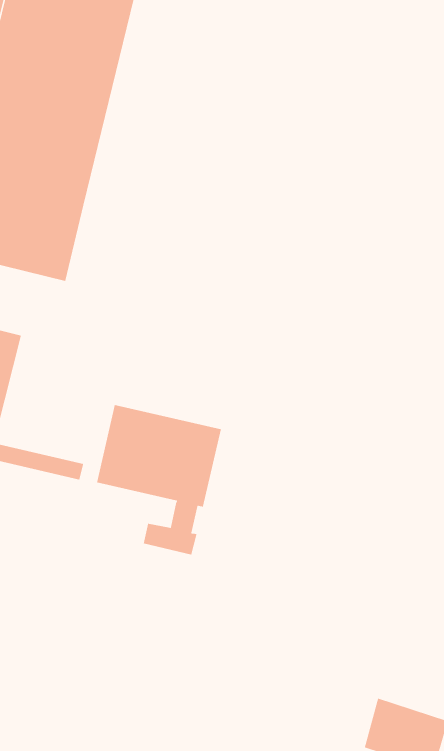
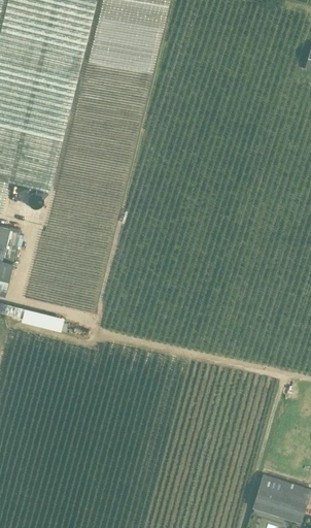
building: [96,404,222,556] -> none

